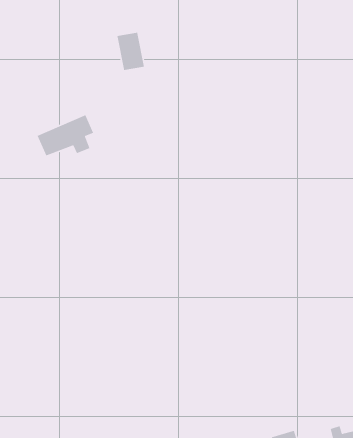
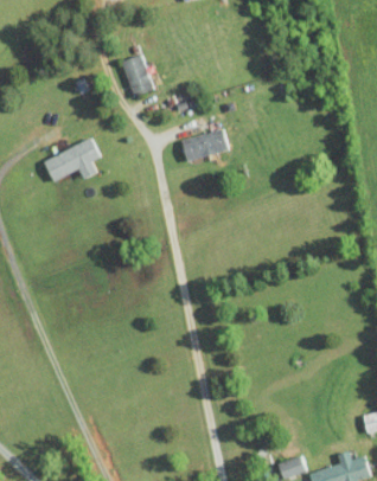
building: none -> [181,129,229,161]

